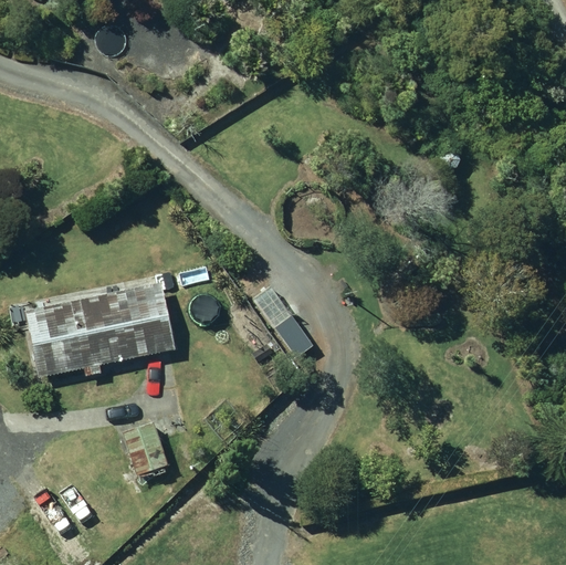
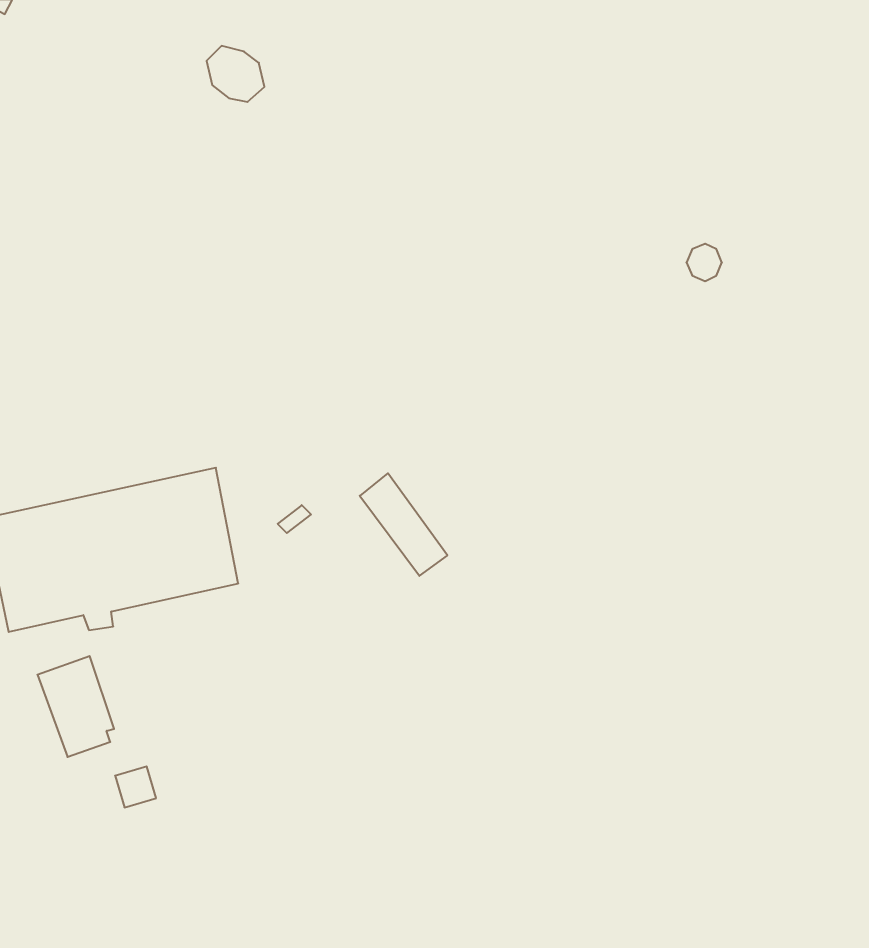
building: [124,421,169,481] -> [37,656,114,757]

